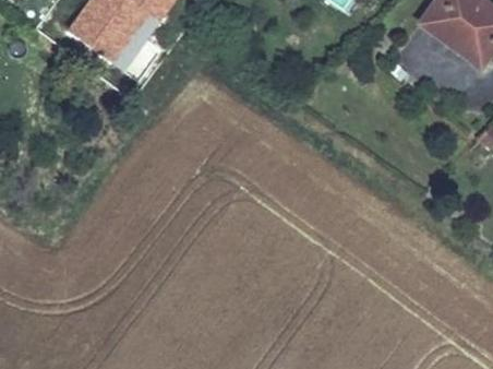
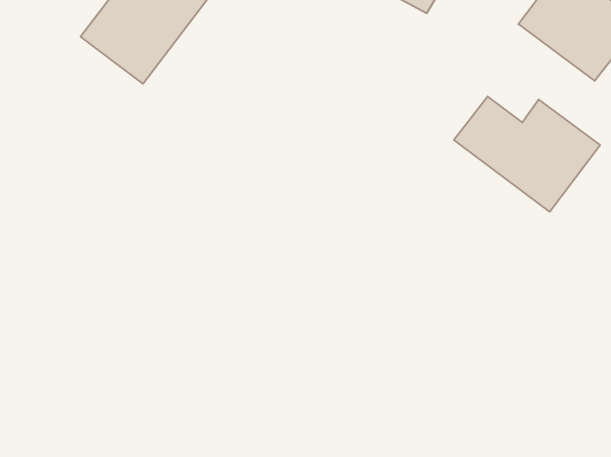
building: none -> [454,96,600,212]

